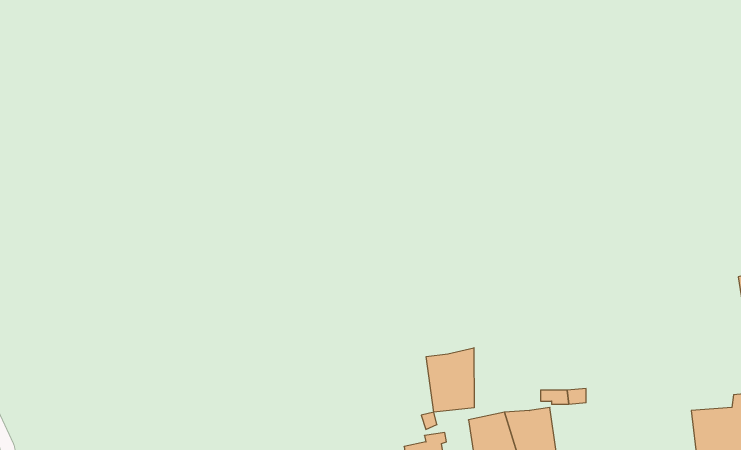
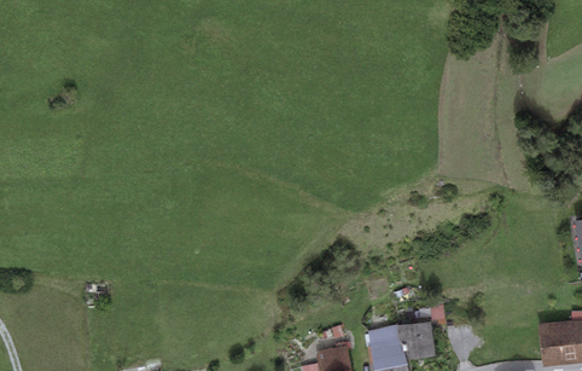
building: [426,348,474,412] -> none

